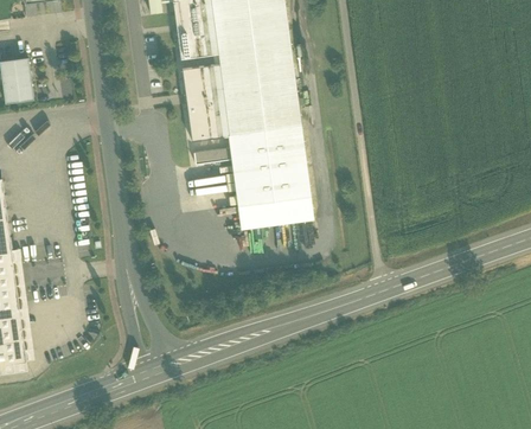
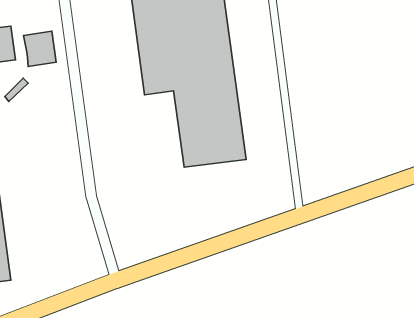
building: none -> [24,31,56,67]

